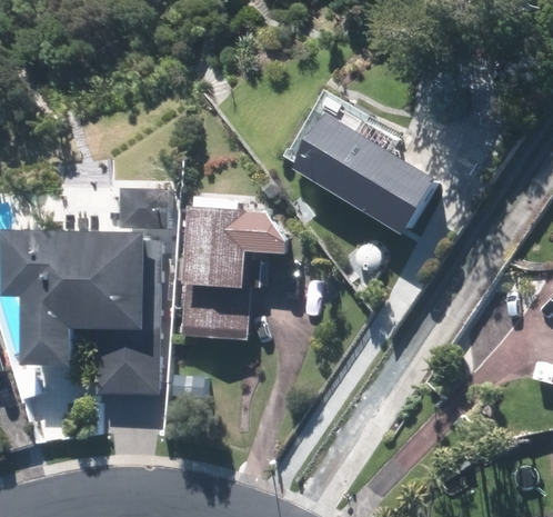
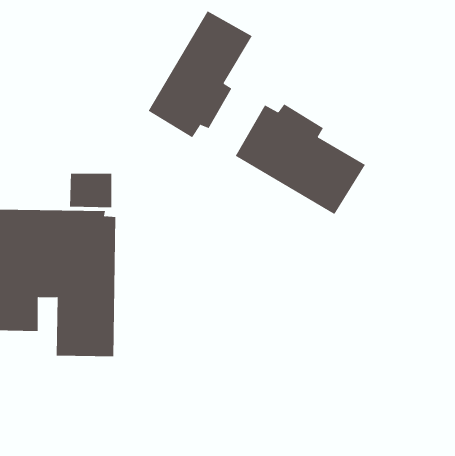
building: none -> [148,10,252,138]
building: [182,206,291,337] -> none

